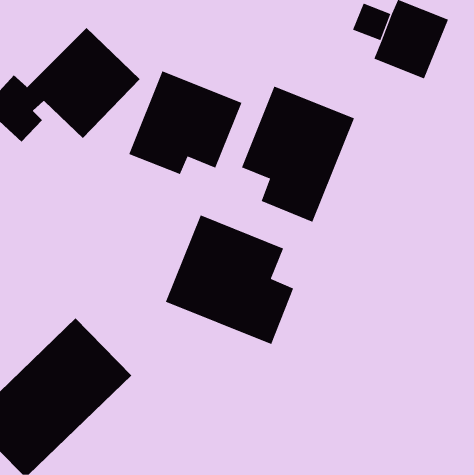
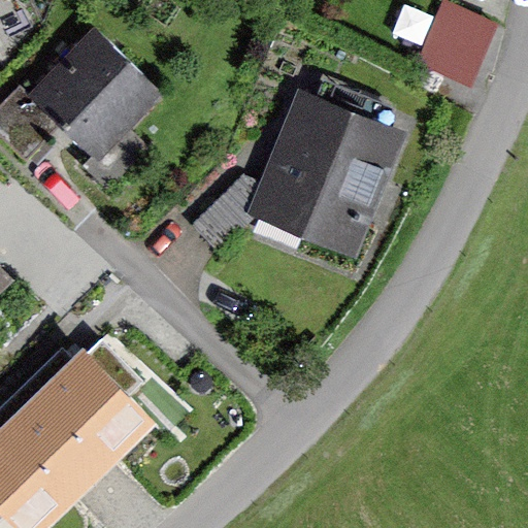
building: [128,70,242,175] -> none
building: [165,214,294,345] -> none

